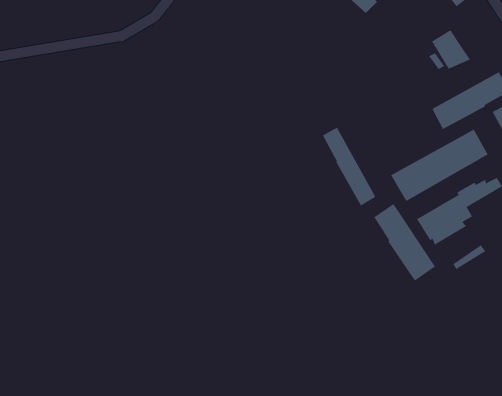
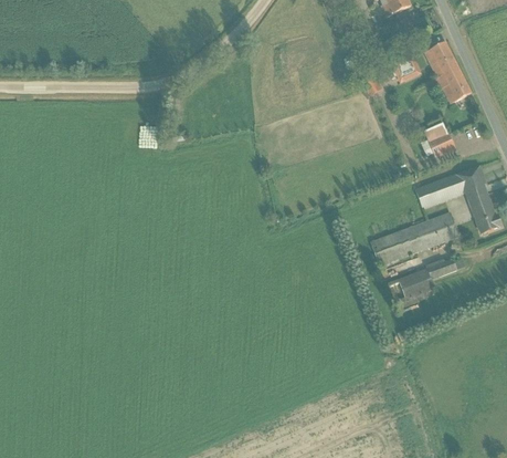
building: [322,127,376,206] -> none
building: [373,203,436,282] -> none

